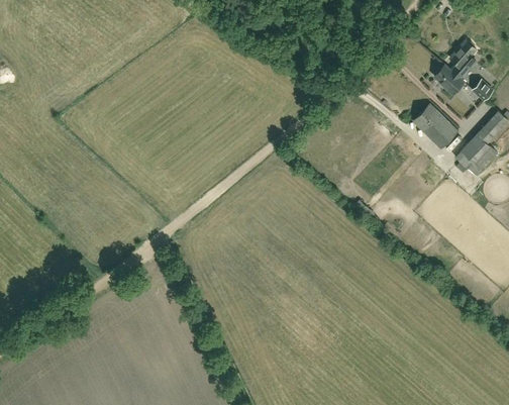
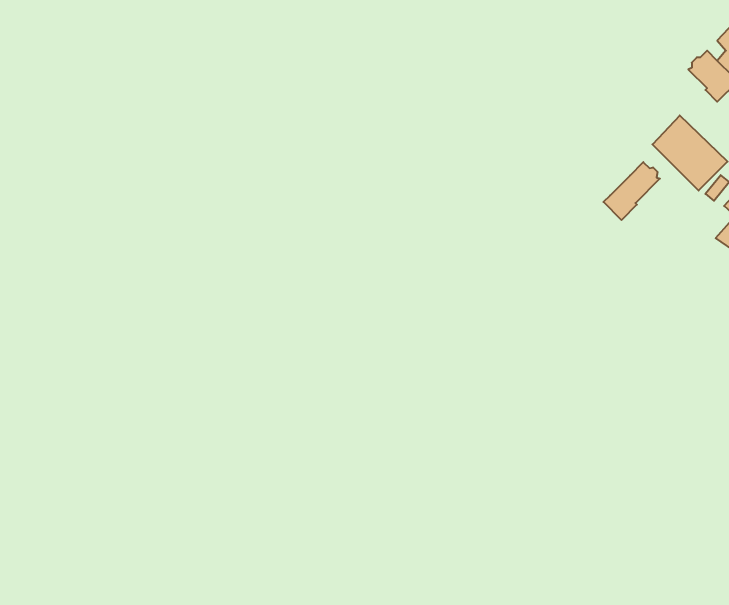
building: none -> [603,162,660,220]

